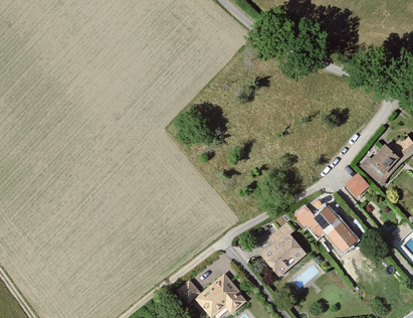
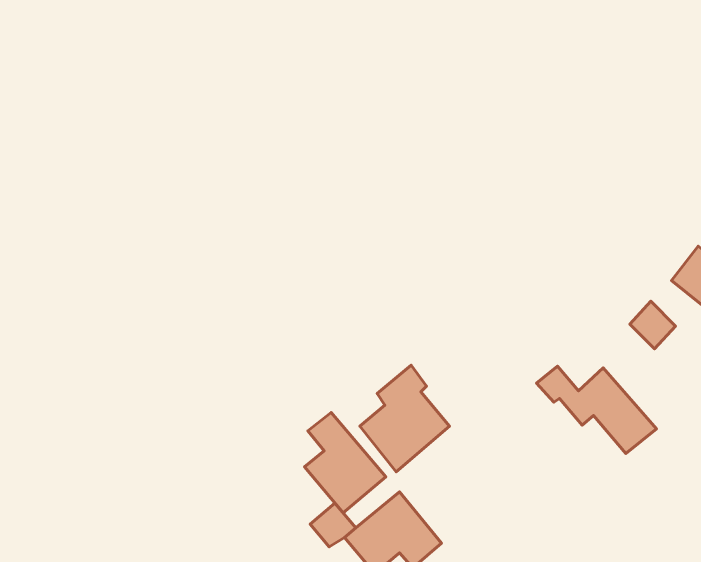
building: [262,222,309,279] -> [360,365,449,472]
building: none -> [304,413,386,513]

